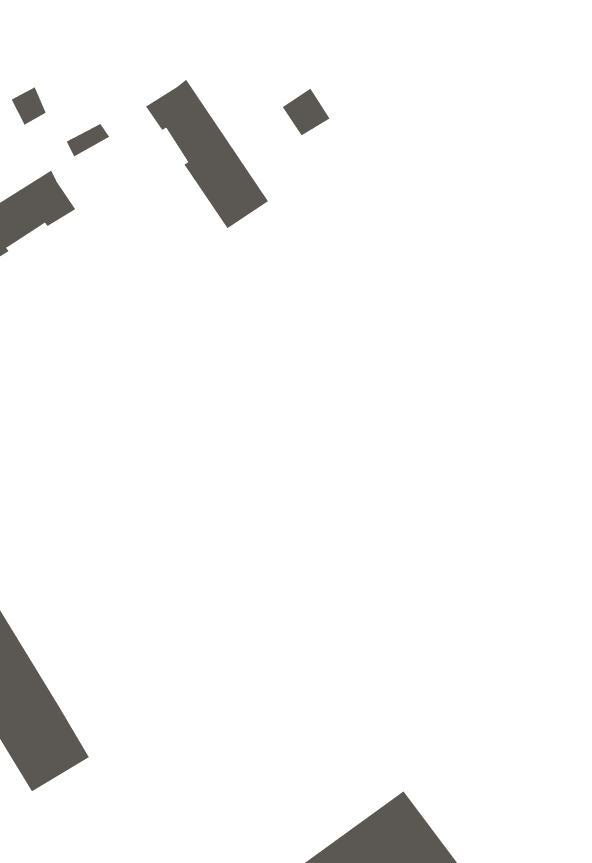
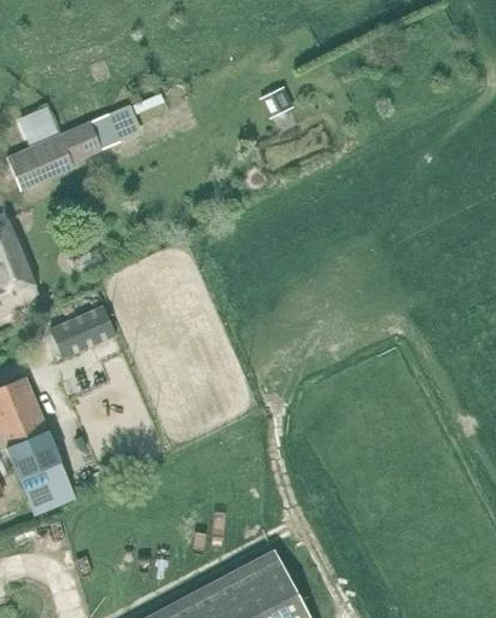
building: [145,79,269,229] -> none
building: none -> [52,305,117,358]

